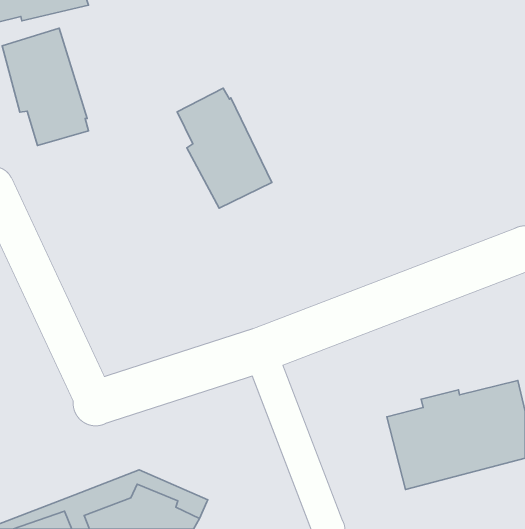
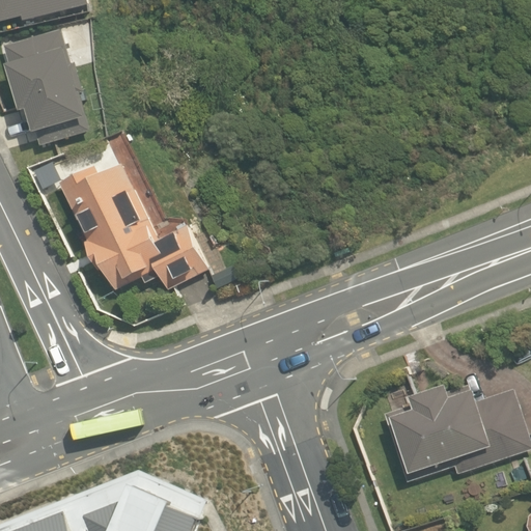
building: [177,88,272,208] -> none
building: none -> [57,163,207,290]

